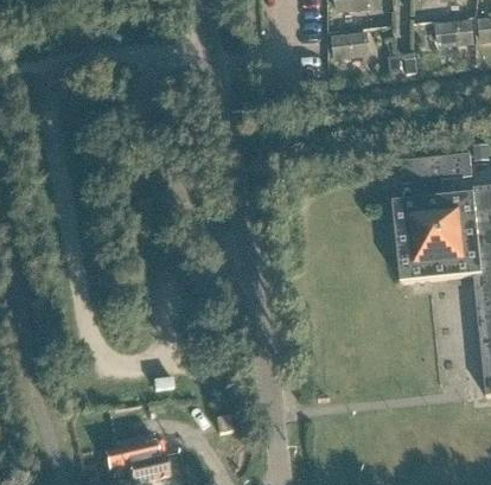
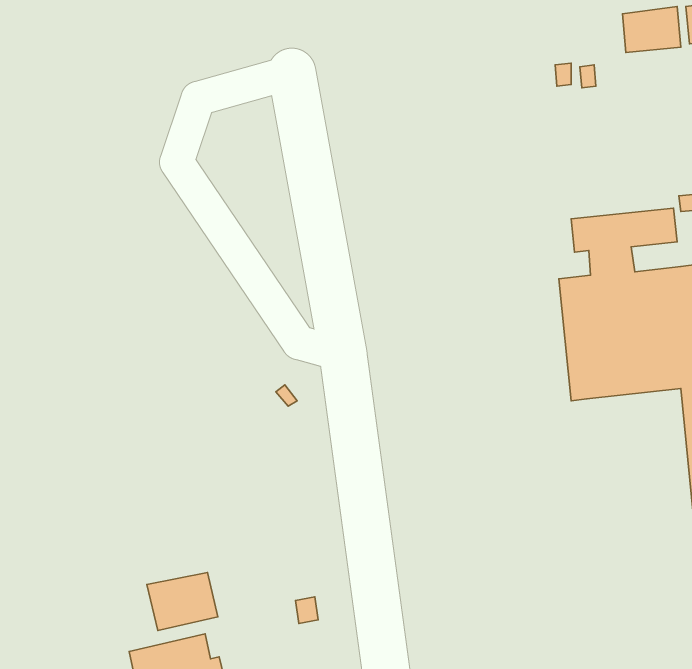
building: [331,30,369,58] -> none
building: none -> [147,572,218,631]

